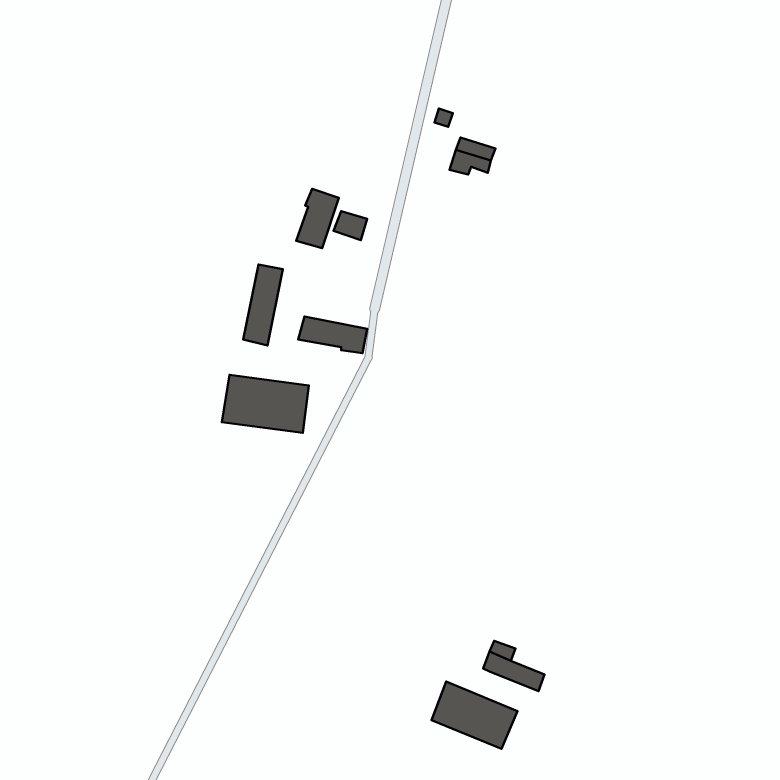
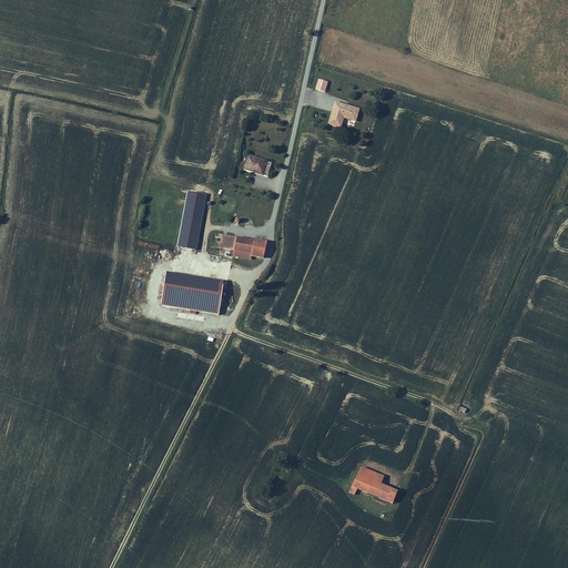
building: [296,189,339,248] -> none
building: [431,681,517,749] -> none

